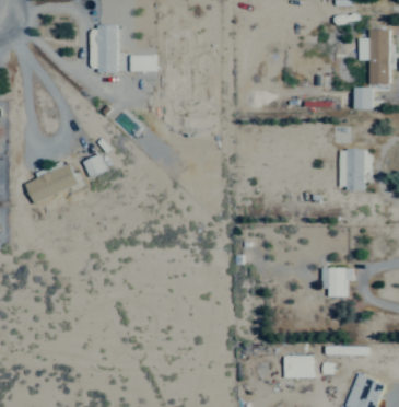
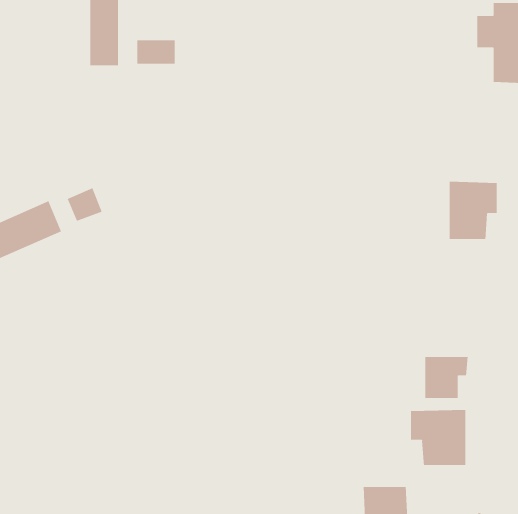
building: [353,88,373,109] -> none
building: none -> [410,409,466,466]

